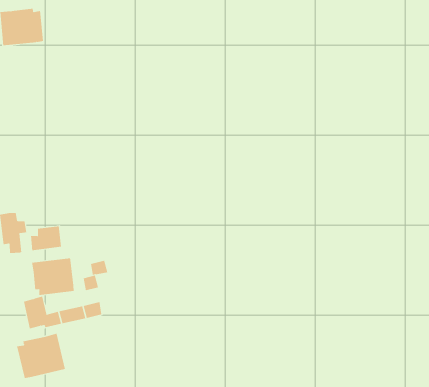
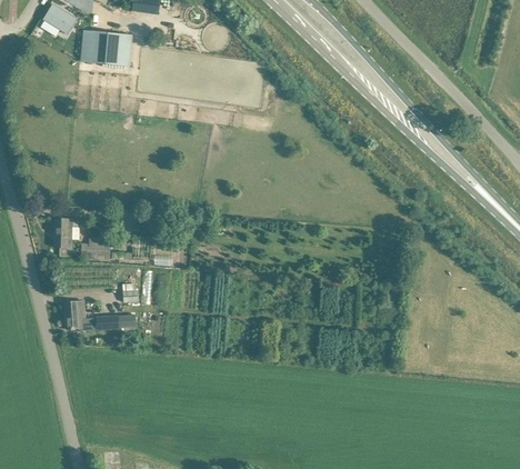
building: [32,257,74,296] -> none
building: [17,333,66,379] -> none

